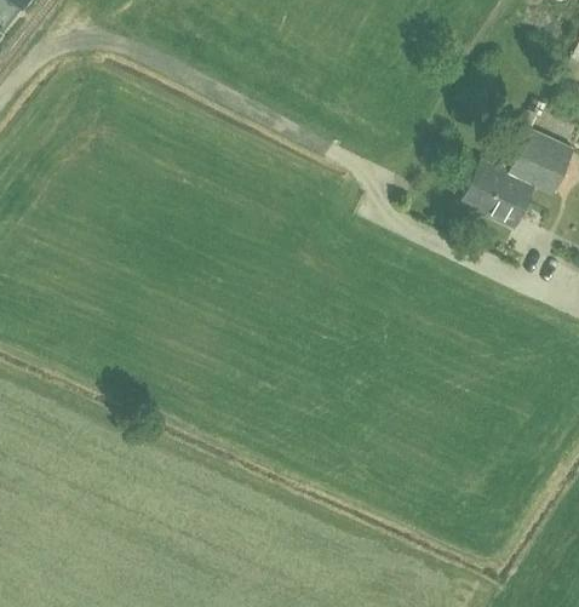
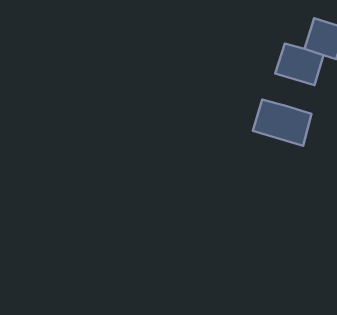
building: none -> [253,100,312,146]

